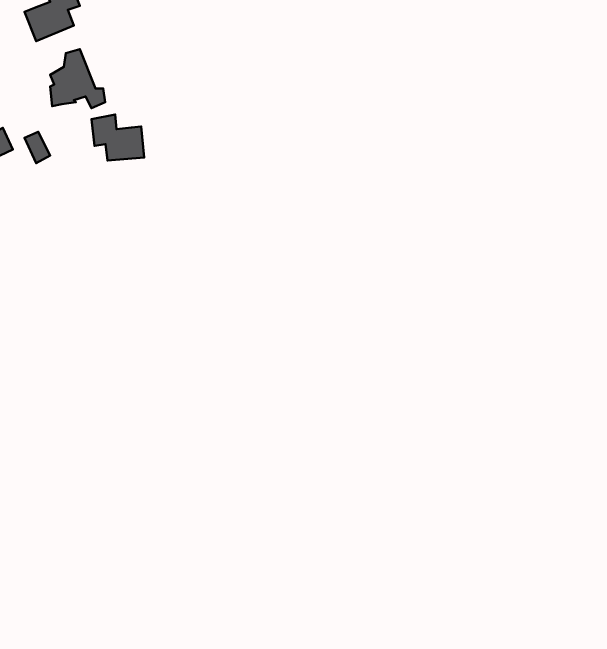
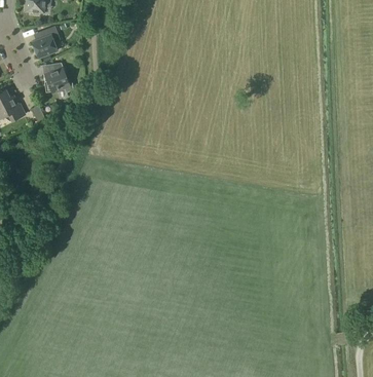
building: [91,115,144,161] -> none

